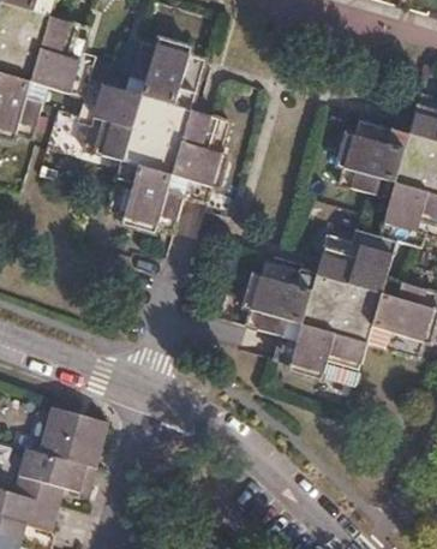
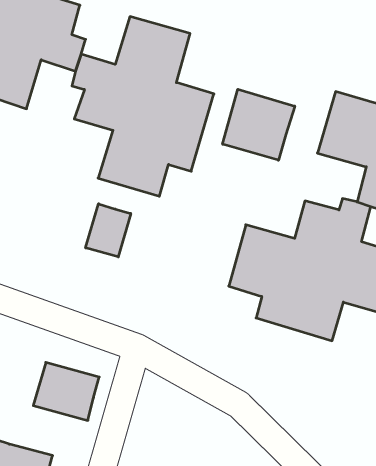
building: none -> [223,89,295,160]
building: none -> [86,204,131,257]
building: [13,446,96,502] -> none

